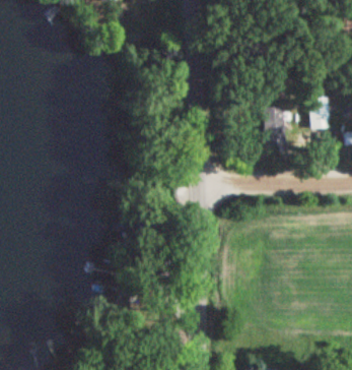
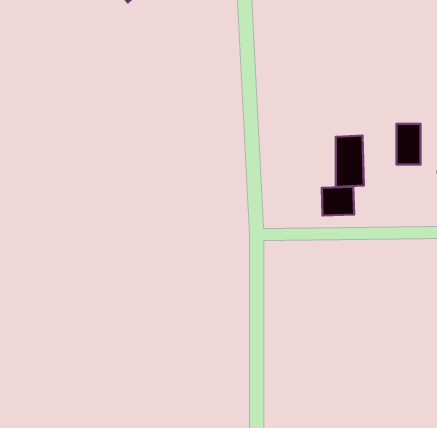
building: none -> [322,187,354,215]

